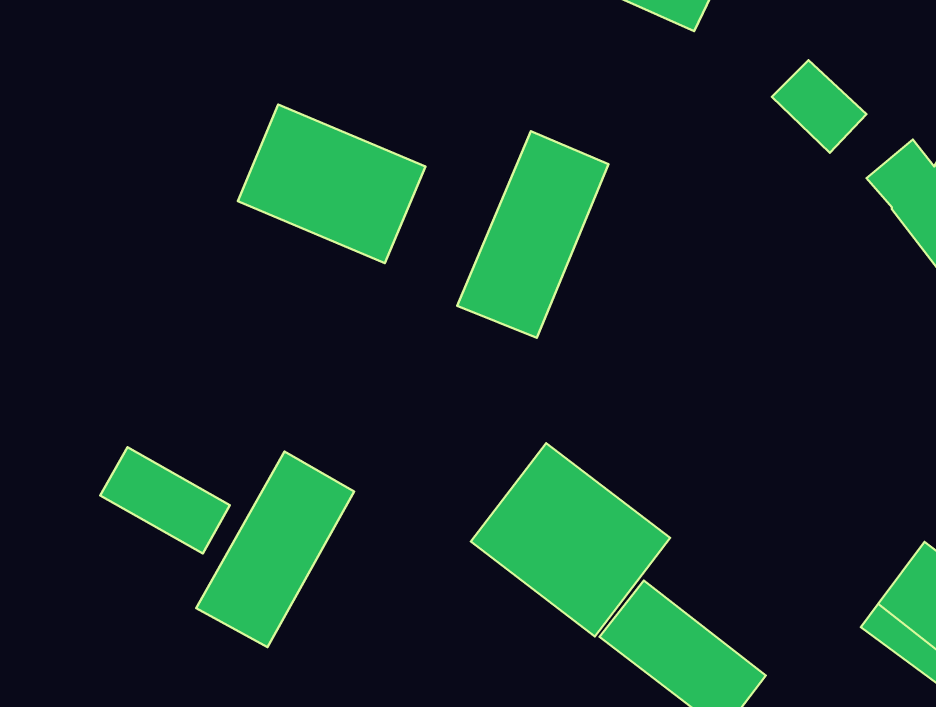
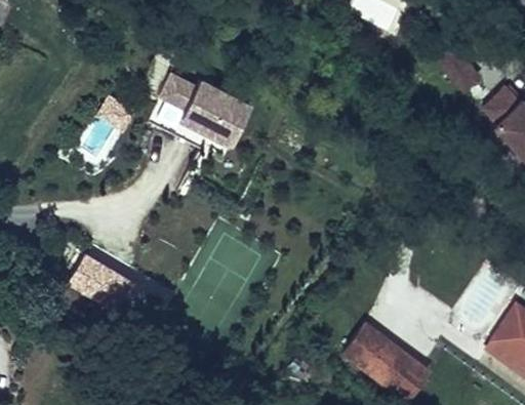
building: [457,131,608,338] -> none
building: [471,443,670,636] -> none
building: [196,452,354,647] -> none

